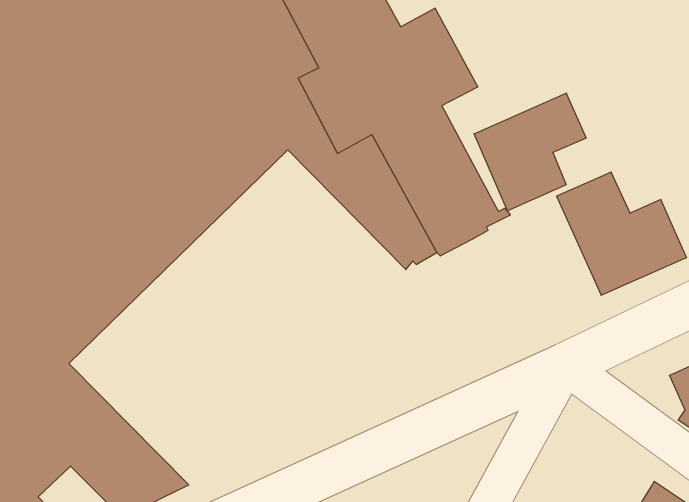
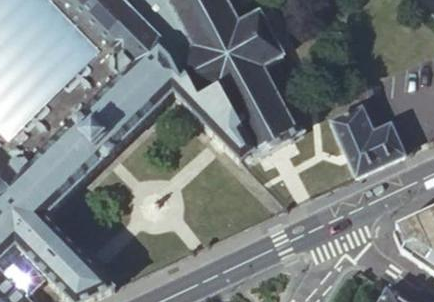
building: [474,93,586,211] -> none

